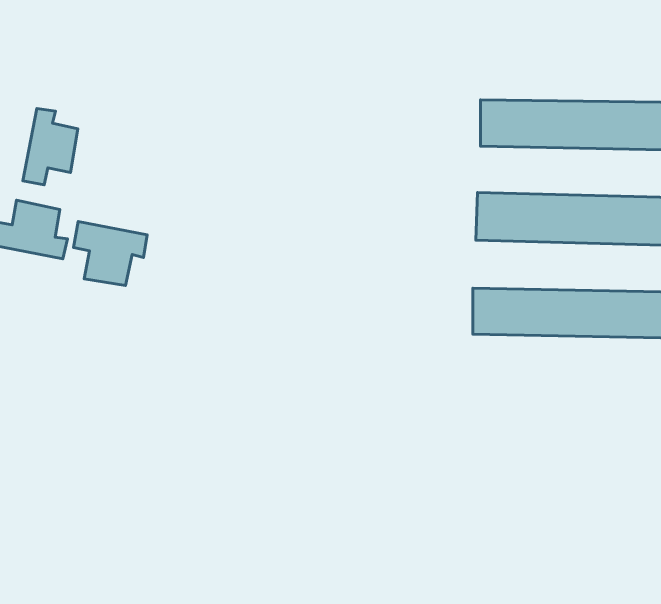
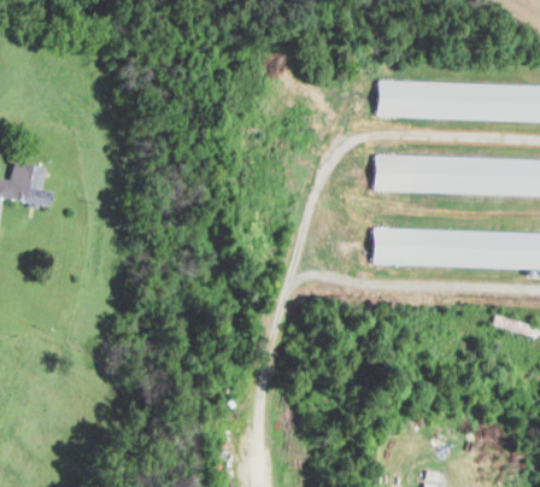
building: [23,108,78,185] -> none
building: [73,221,147,286] -> none

